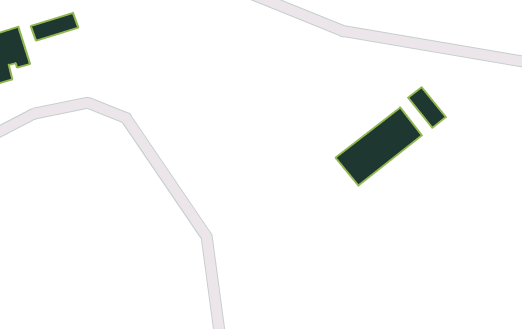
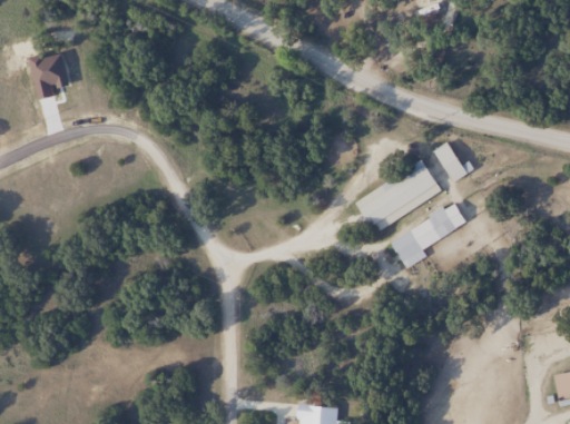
building: [31,13,78,41] -> none
building: none -> [391,203,470,272]

